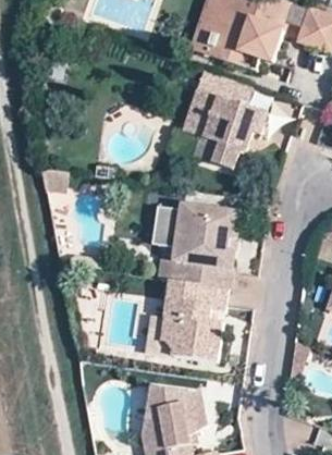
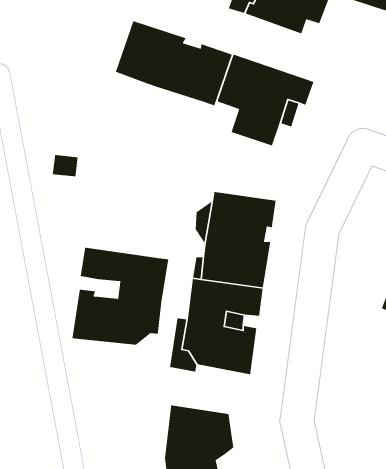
building: none -> [115,20,233,106]
building: none -> [72,247,169,345]

